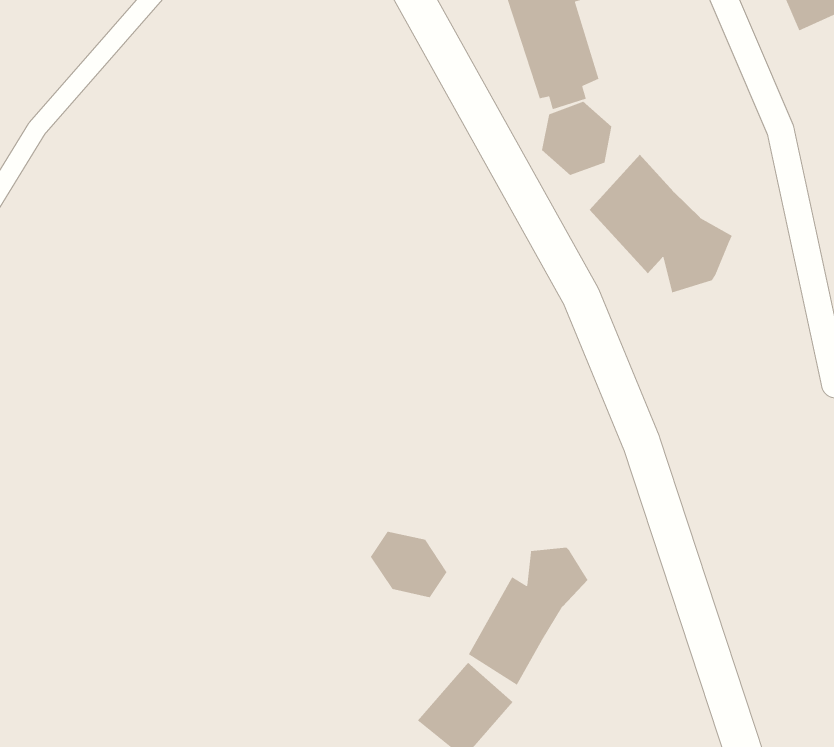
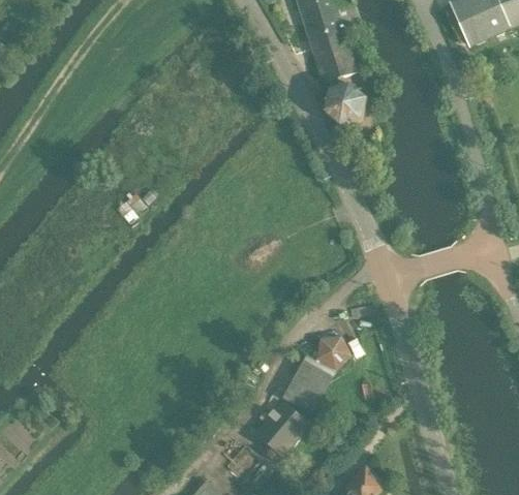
building: [589,154,733,293] -> none
building: [370,531,448,598] -> none

